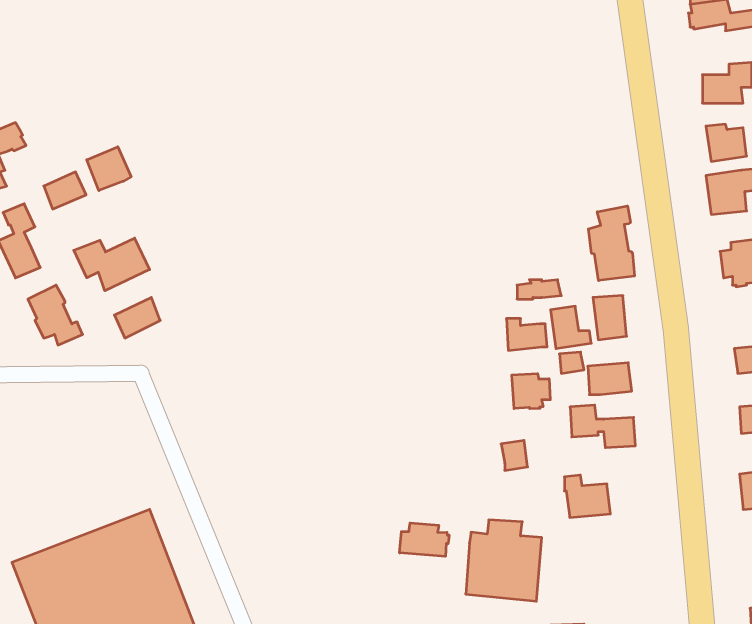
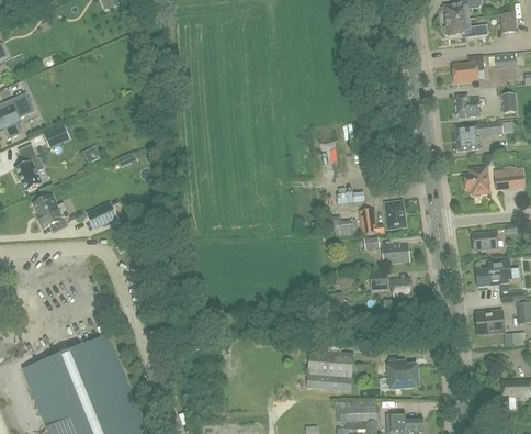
building: [87,147,131,191] -> none
building: [588,206,634,281] -> none
building: [74,238,150,291] -> none
building: [512,374,550,409] -> none
building: [564,475,610,517] -> [388,360,417,387]
building: [400,523,449,556] -> none

